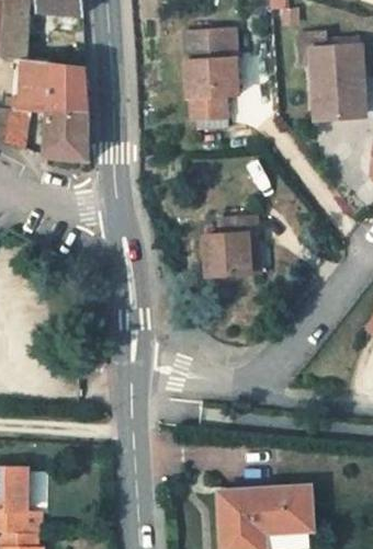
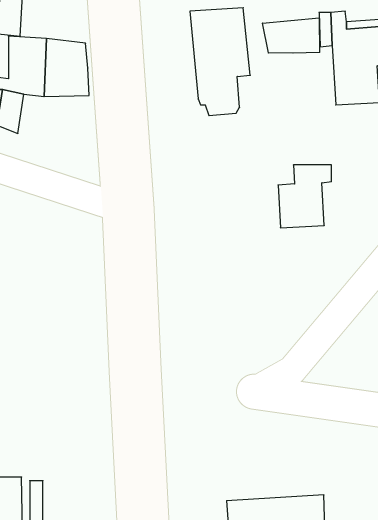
building: none -> [263,18,320,53]
building: [45,114,90,162] -> none
building: [204,218,253,276] -> [278,165,331,228]

